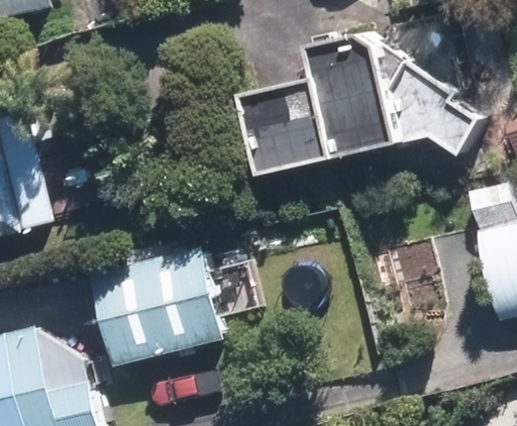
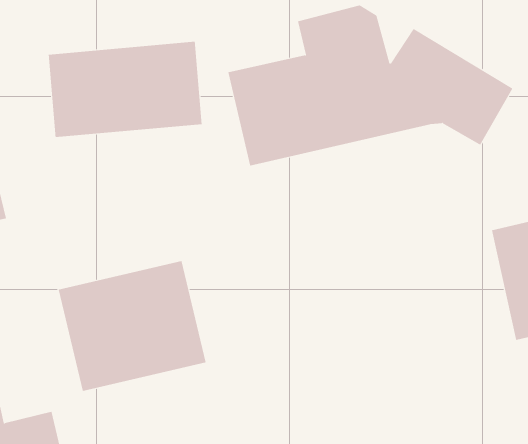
building: none -> [48,41,202,138]

